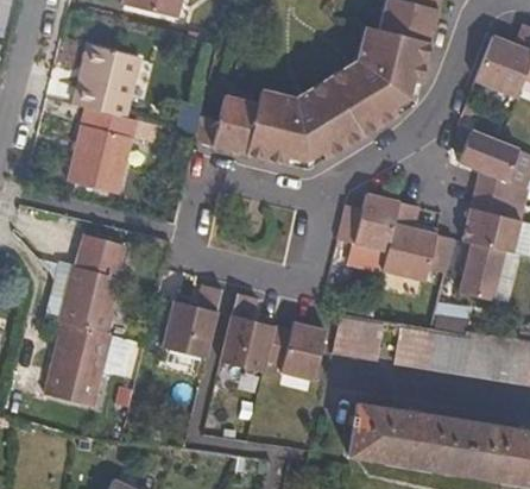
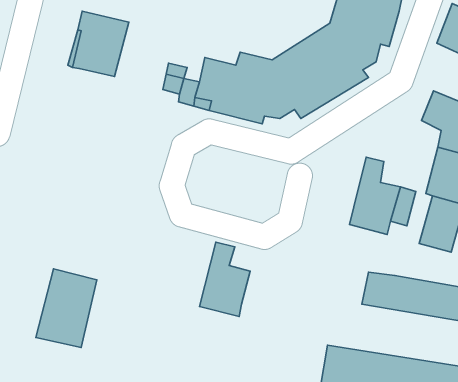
building: [71,106,139,192] -> none
building: [335,194,398,255] -> none
building: [62,236,126,333] -> none
building: [162,283,223,358] -> none
building: [330,315,383,357] -> none
building: [264,319,322,377] -> none

